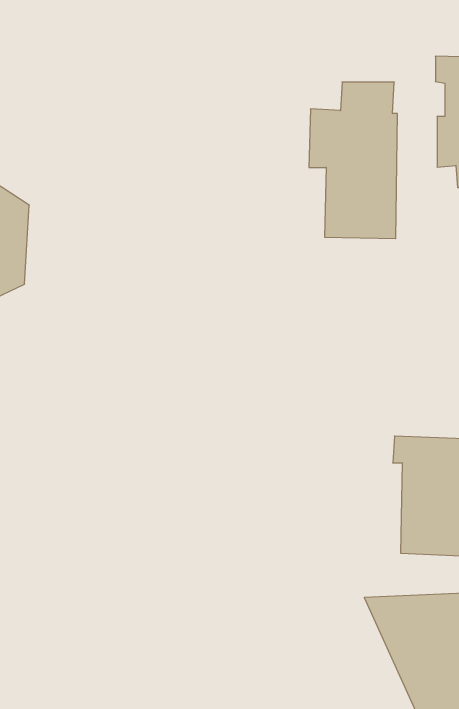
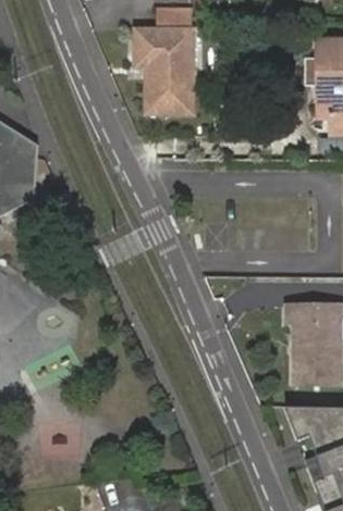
building: [309,82,397,239] -> [134,9,195,116]

